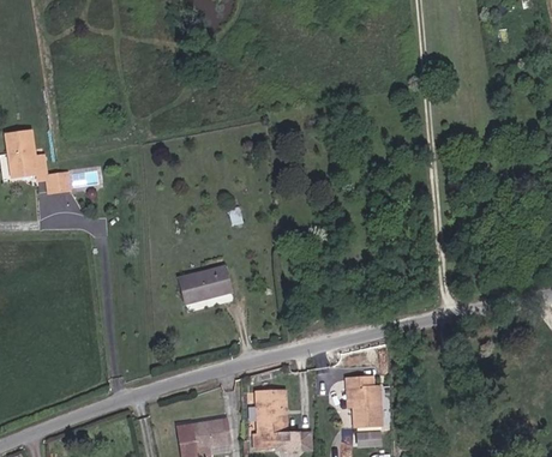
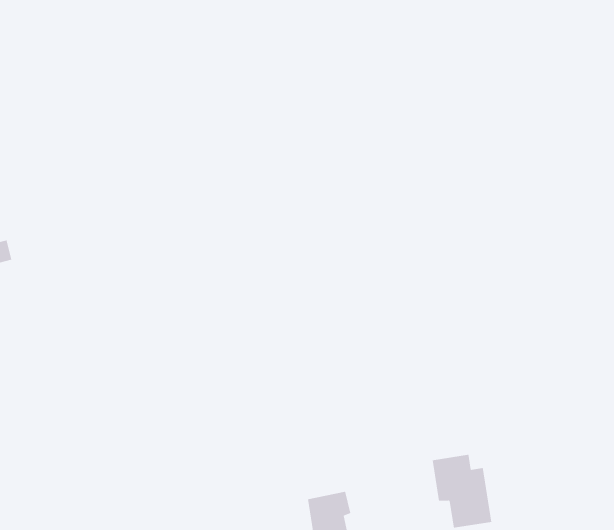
building: [169,271,218,308] -> none

